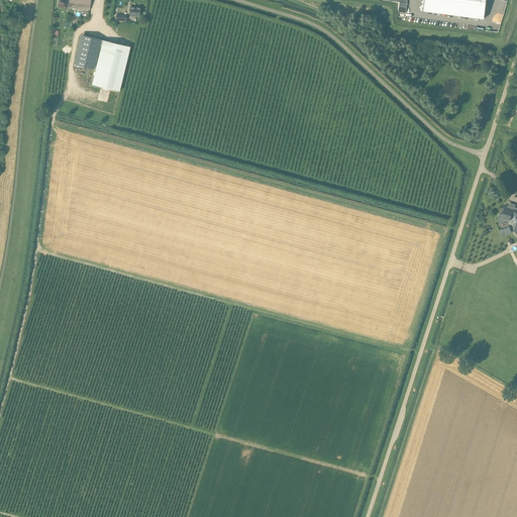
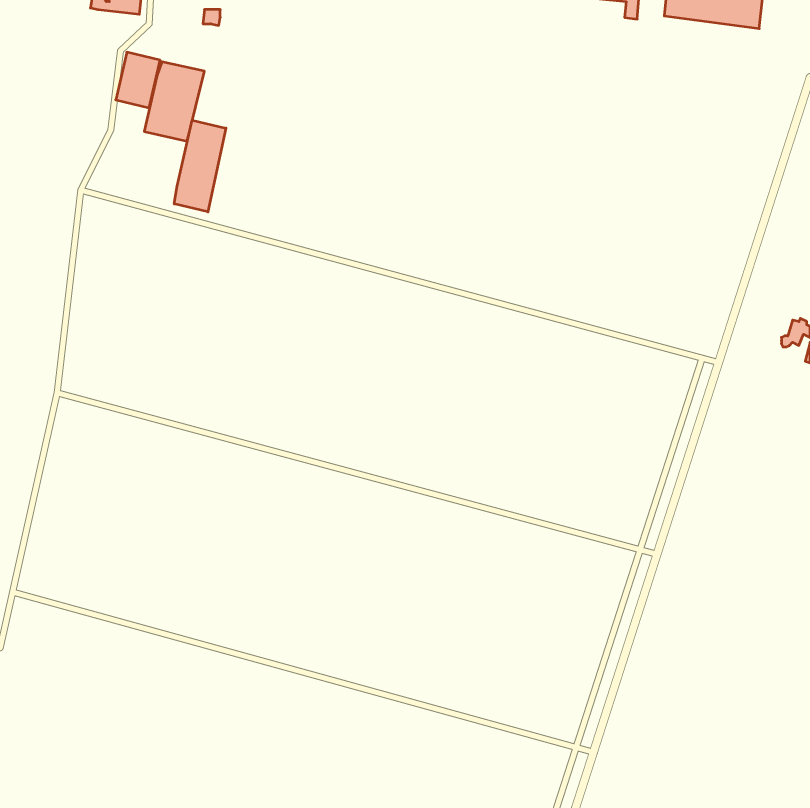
building: none -> [174,120,226,212]

